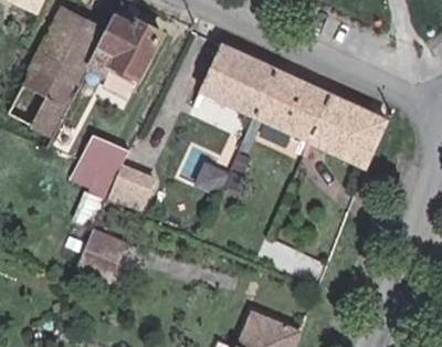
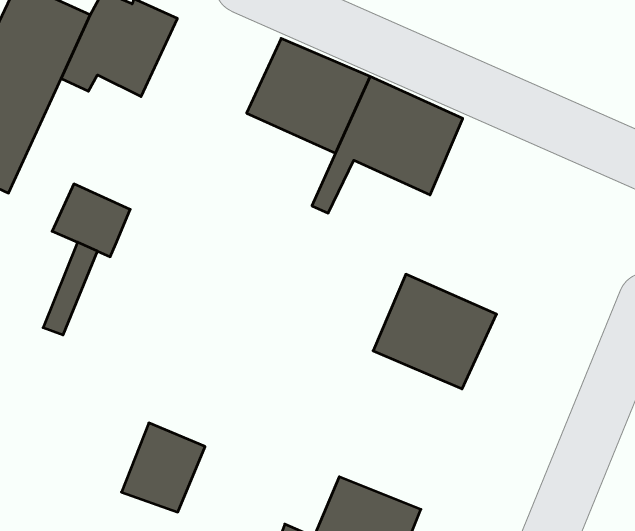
building: [308,93,383,162] -> [373,274,497,389]
building: [105,169,147,211] -> none
building: [76,227,127,281] -> [121,423,205,512]

